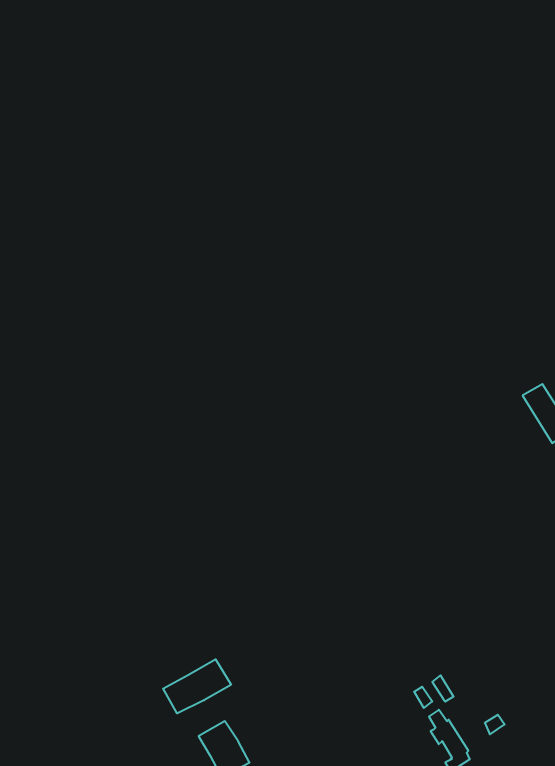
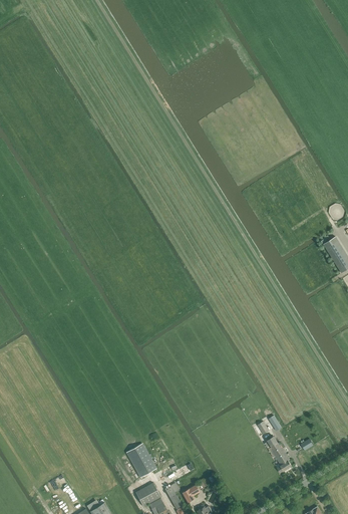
building: [163,659,231,713] -> none

